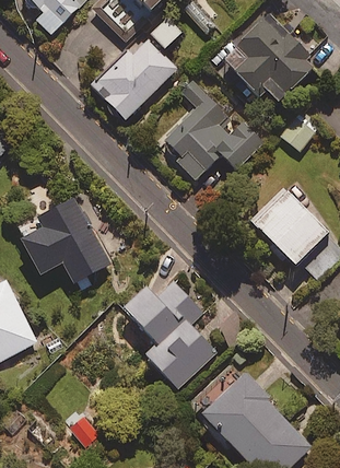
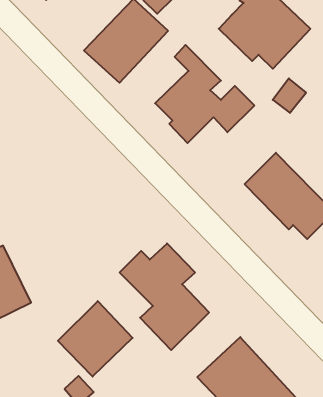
building: [22,199,110,284] -> none
building: none -> [58,301,133,377]

